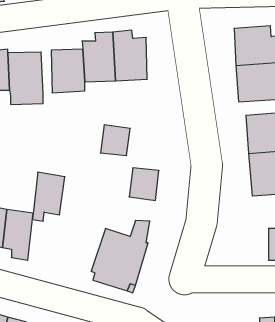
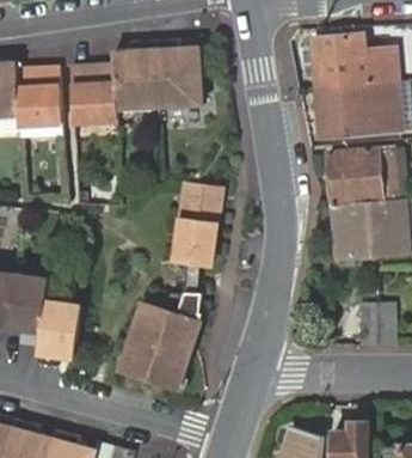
building: [100,125,130,156] -> [180,185,220,226]
building: [32,172,65,221] -> [39,301,82,366]

